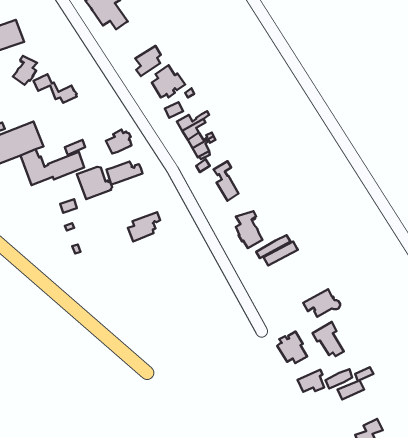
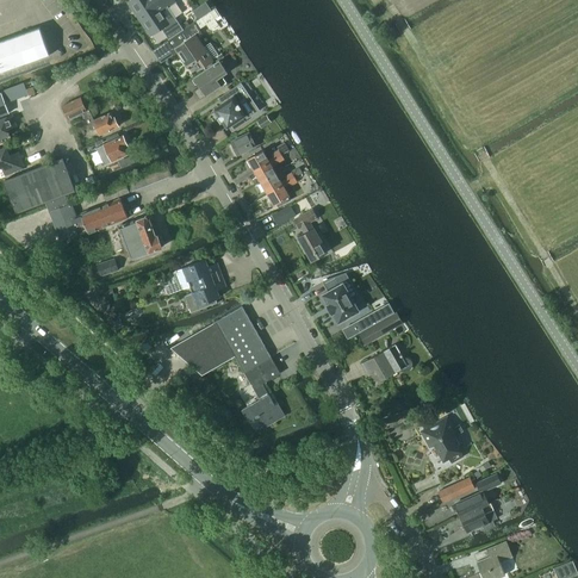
building: none -> [164,18,212,67]
building: [13,56,37,85] -> none
building: [106,130,132,154] -> [97,132,130,163]
building: [107,161,143,184] -> [175,260,222,290]
building: none -> [170,306,285,428]
building: [303,289,340,317] -> [363,344,411,380]
building: [277,331,307,363] -> none
building: [298,370,324,392] -> [460,504,495,533]

